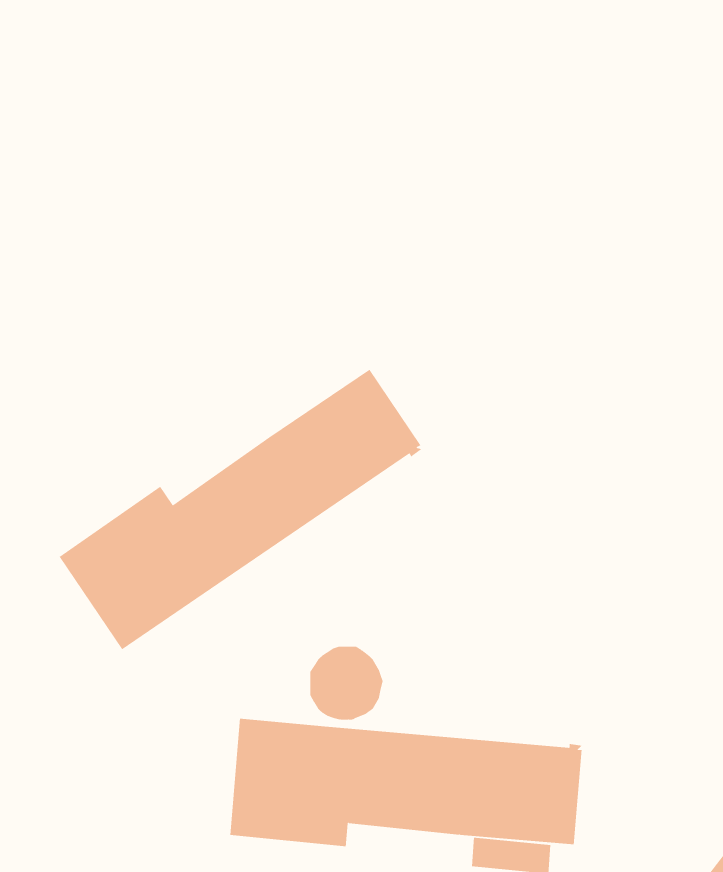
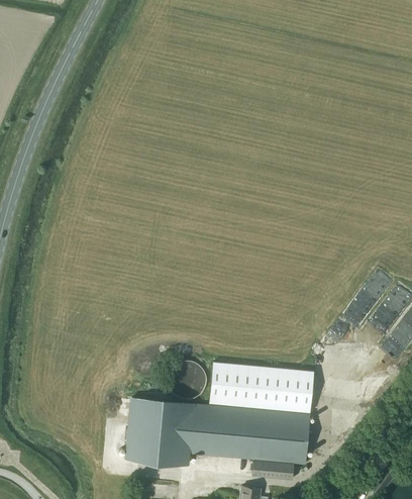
building: [59,369,423,650] -> none
building: none -> [209,363,313,413]

